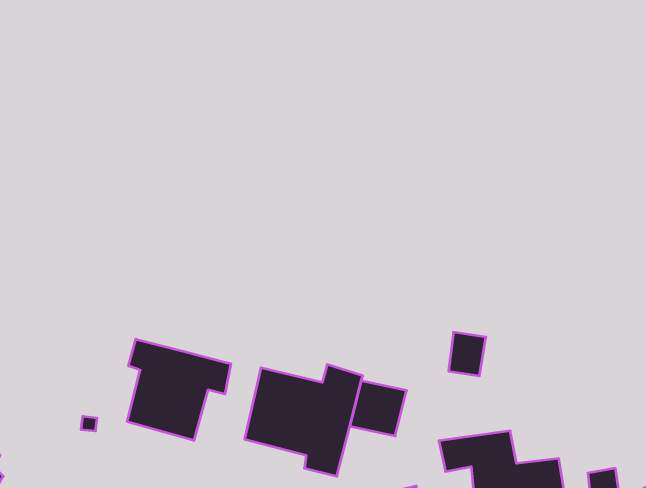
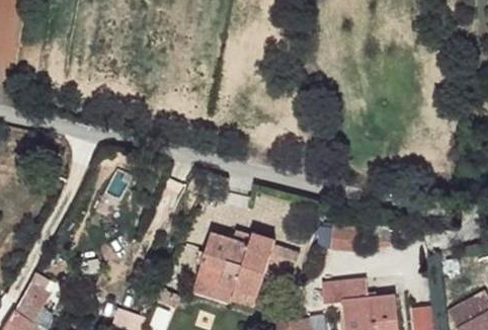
building: [127,339,231,441] -> none

